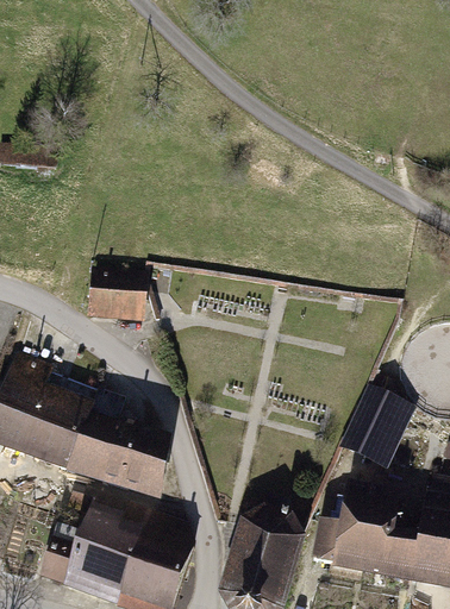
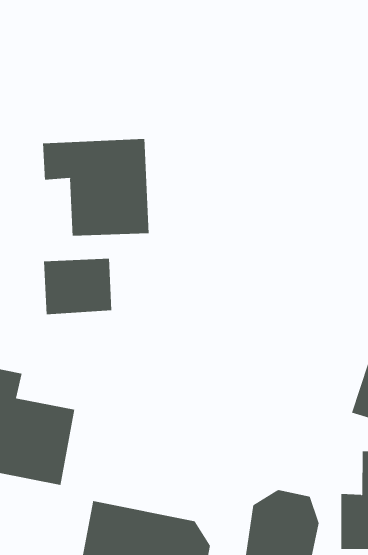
building: none -> [42,138,149,236]
building: [68,413,165,501] -> none

